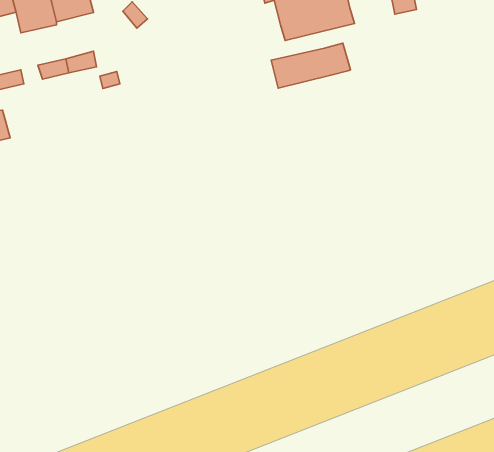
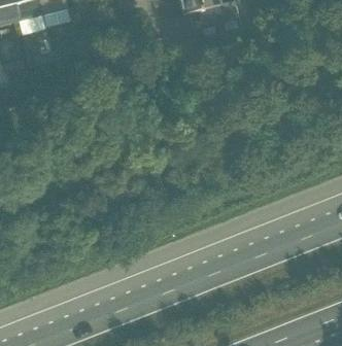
building: [271,43,350,88] -> none

